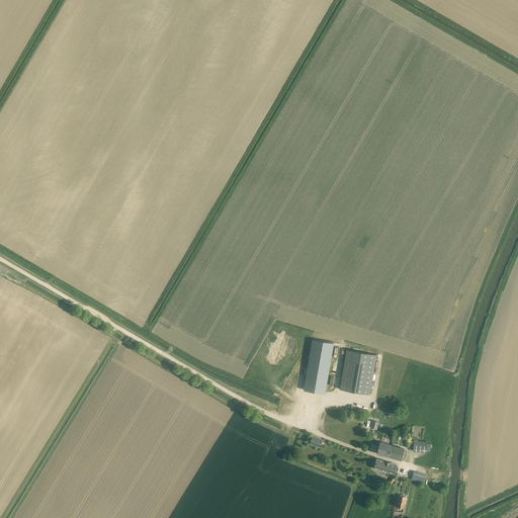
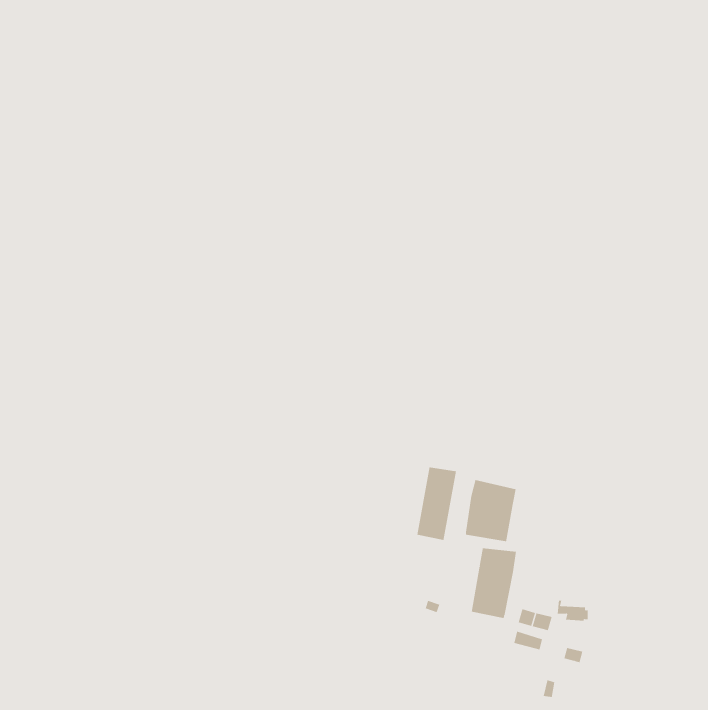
building: none -> [471,548,516,619]

